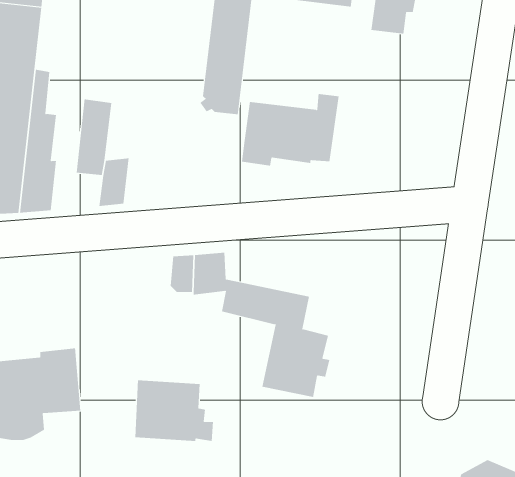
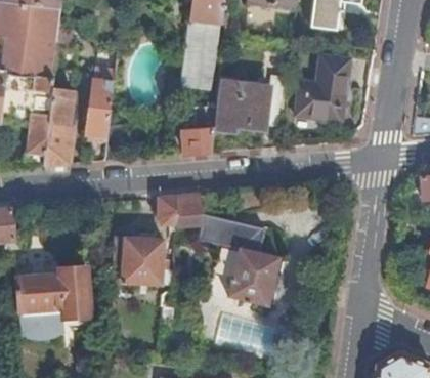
building: none -> [294,53,350,121]
building: none -> [182,108,214,153]
building: [134,380,214,442] -> [113,237,173,284]

